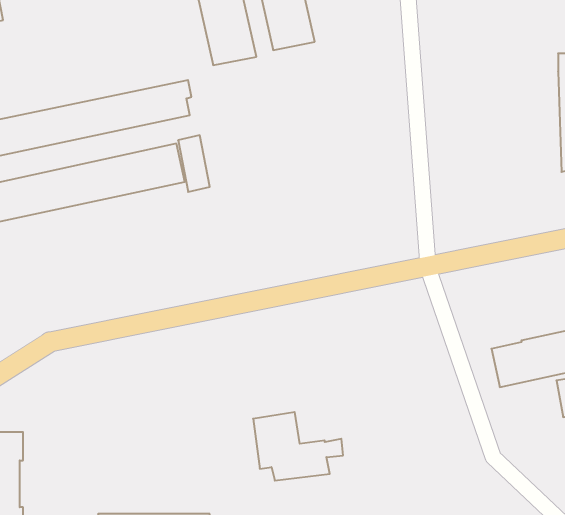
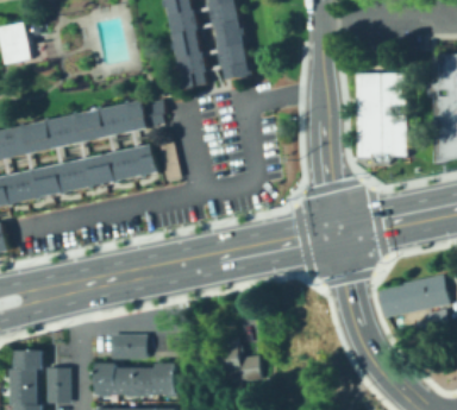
building: none -> [350,74,402,159]
building: none -> [108,332,143,358]
building: none -> [96,362,177,395]
building: none -> [44,365,67,400]

